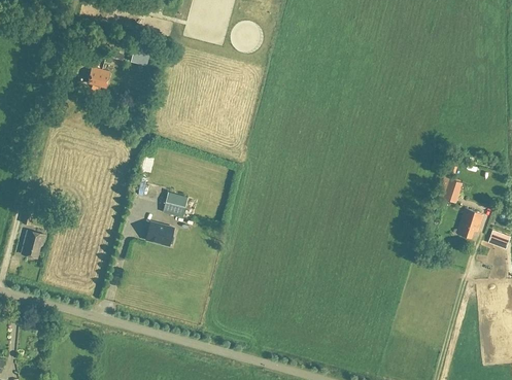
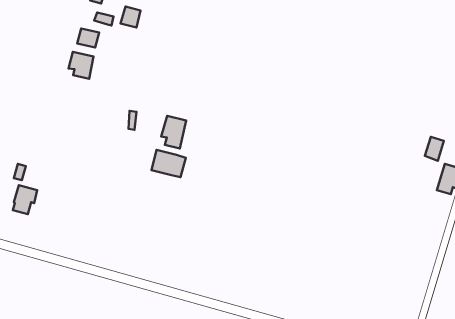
building: none -> [68,52,94,79]
building: none -> [161,116,186,148]
building: [146,221,174,245] -> none

